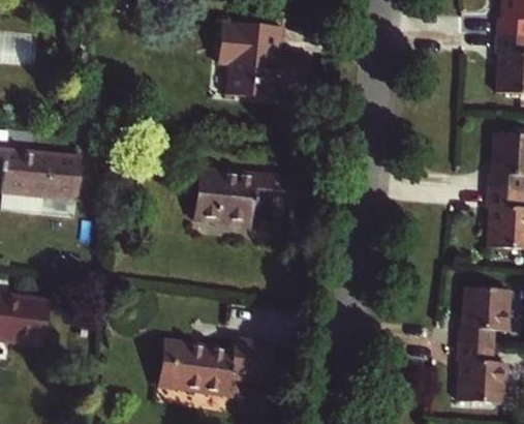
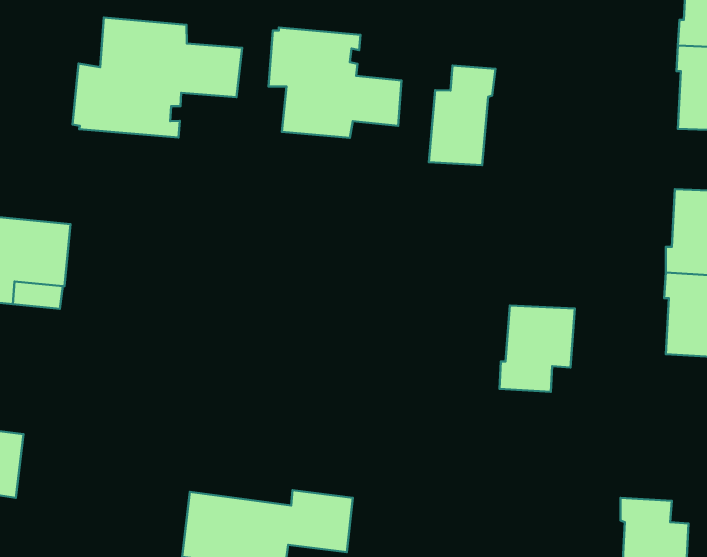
building: none -> [73,18,242,138]
building: none -> [429,65,496,165]
building: [194,170,298,223] -> none
building: [458,287,510,346] -> [499,306,575,392]

